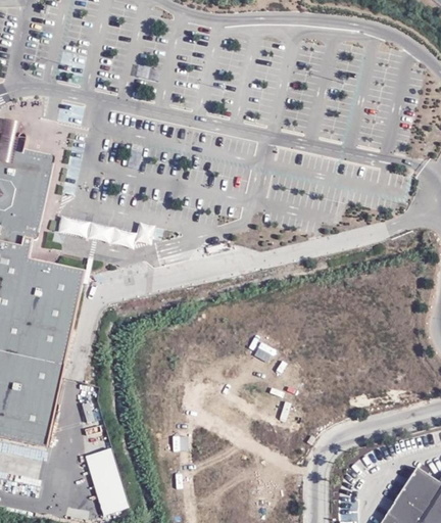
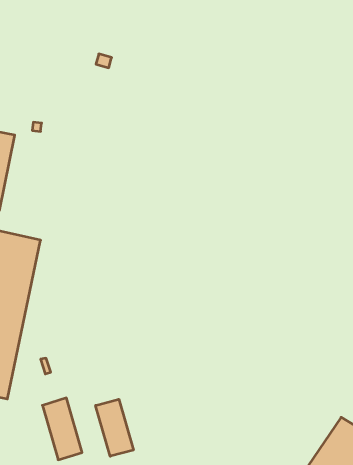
building: none -> [96,399,133,456]

